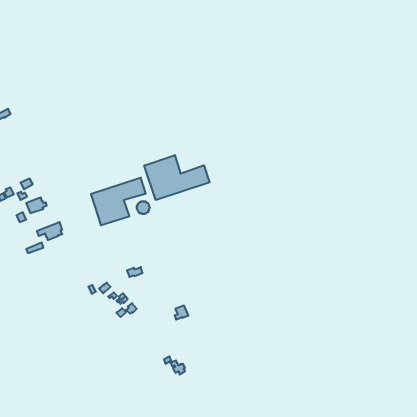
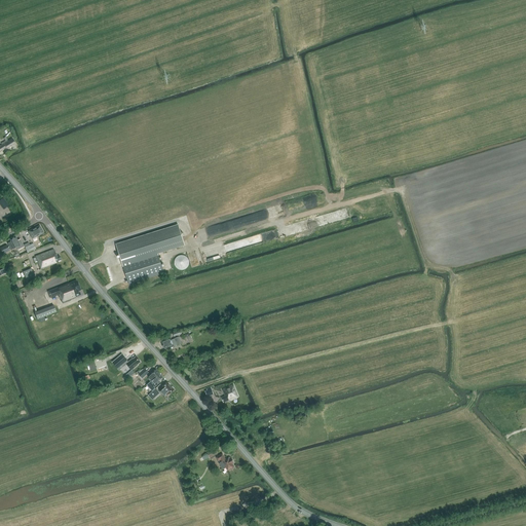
building: [144,155,210,200] -> none

